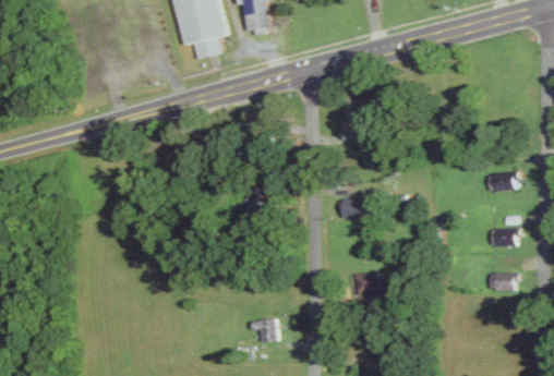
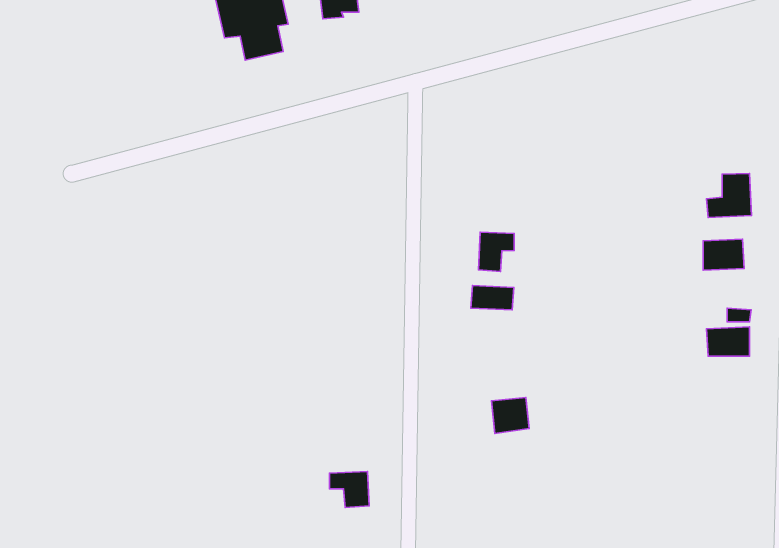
building: none -> [707,174,751,217]
building: none -> [479,232,514,271]
building: [489,271,514,290] -> none

